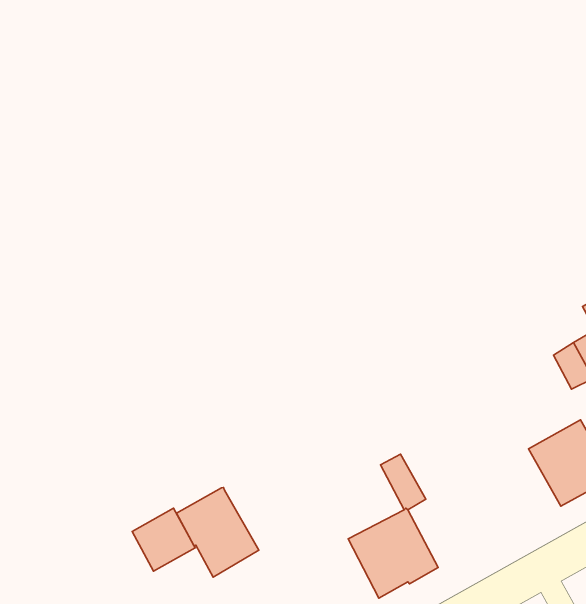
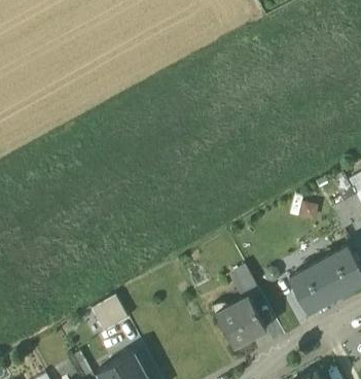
building: none -> [288,264,336,313]
building: [176,488,259,577] -> none

